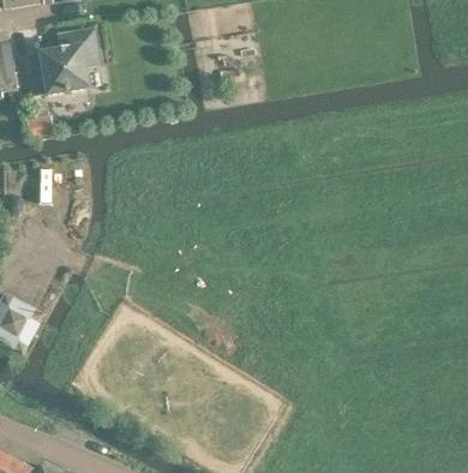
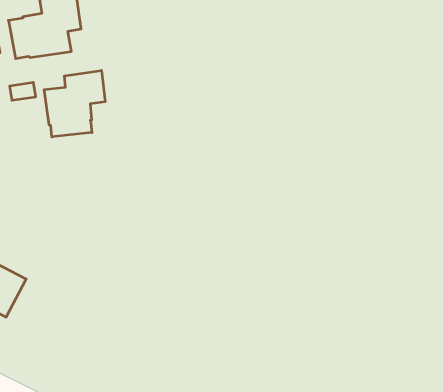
building: none -> [44,70,105,137]

